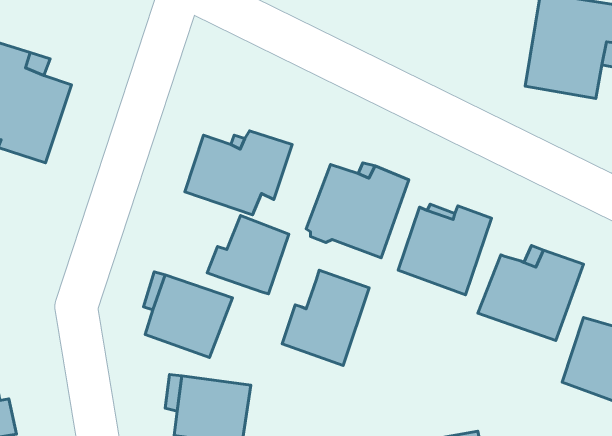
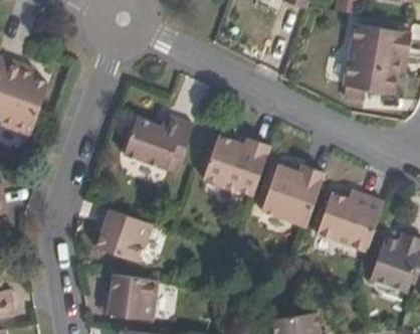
building: [207,215,289,294] -> none
building: [282,270,369,365] -> none

